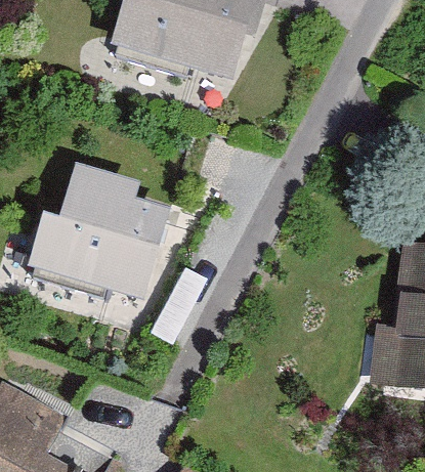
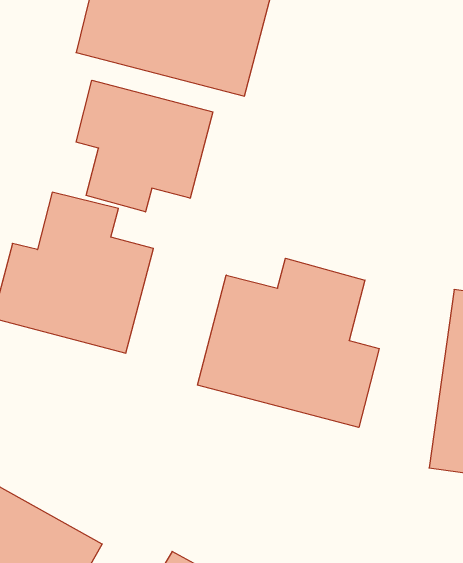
building: none -> [76,80,213,212]
building: none -> [197,258,379,427]

